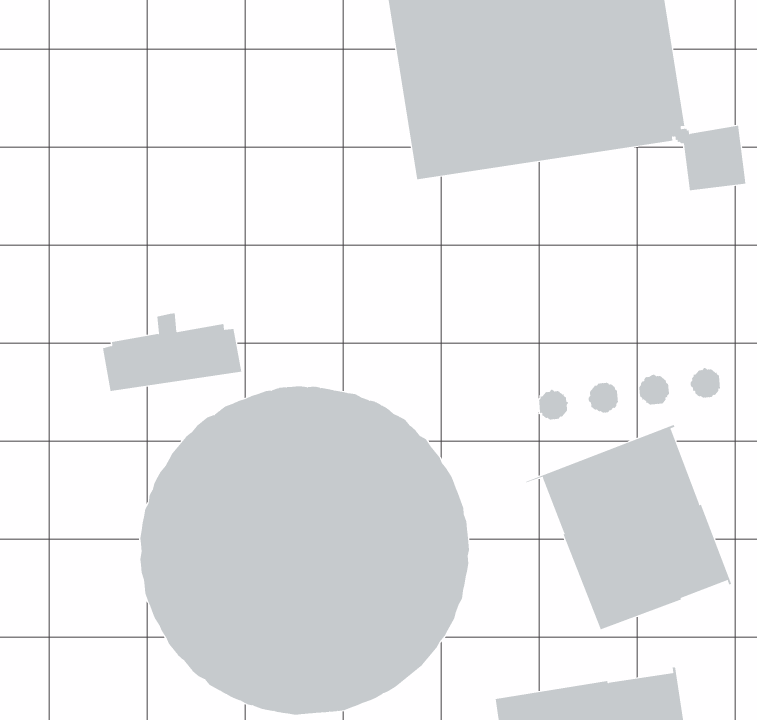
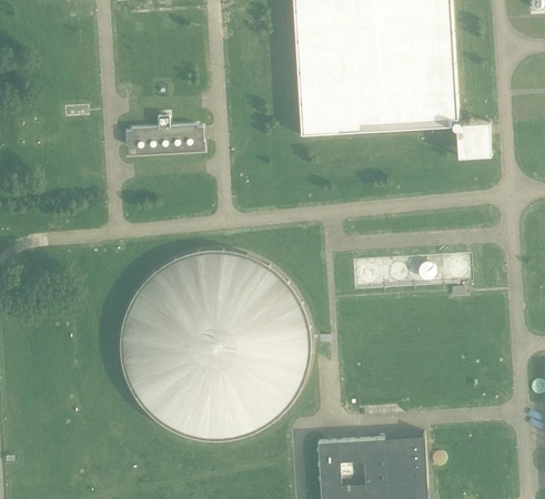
building: [102,313,242,392] -> [125,114,205,156]
building: [525,424,732,630] -> none

